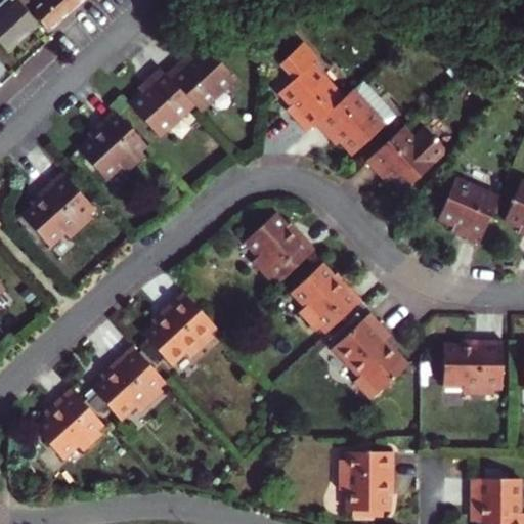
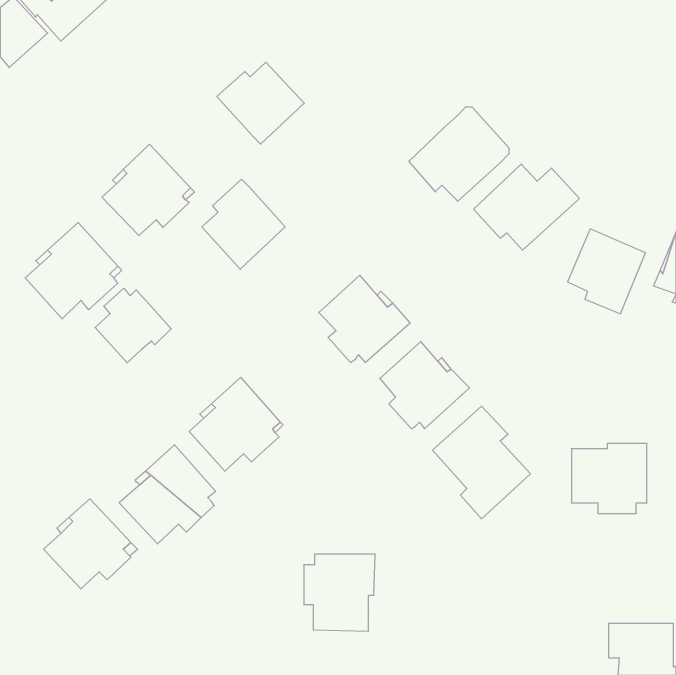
building: [279,49,344,133] -> none
building: [131,69,195,138] -> [202,179,285,269]
building: none -> [95,288,171,363]
building: [340,455,395,515] -> [304,554,375,631]

